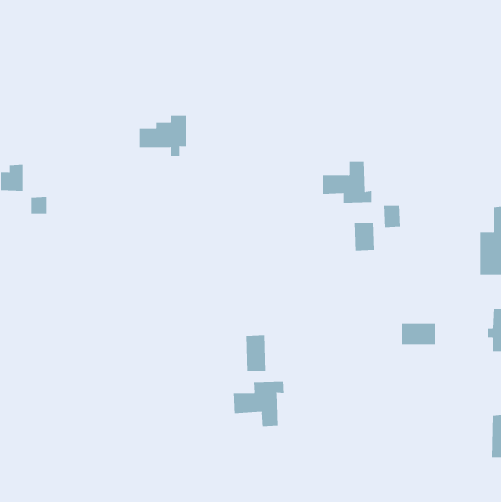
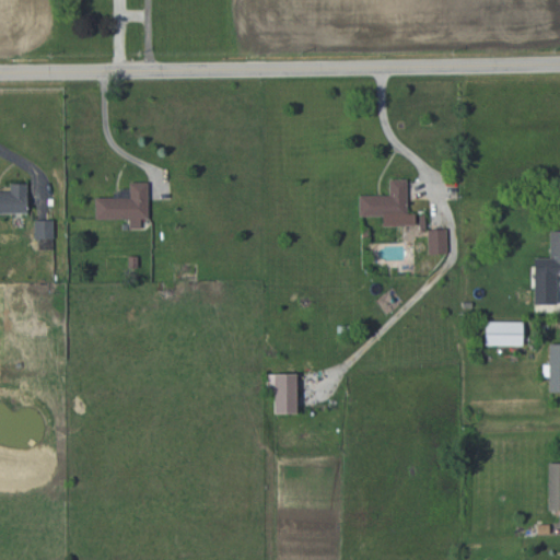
building: [139,115,187,157] -> [95,183,149,229]
building: [354,222,375,251] -> none
building: [401,323,436,345] -> [486,322,524,346]
building: [233,381,284,427] -> none

